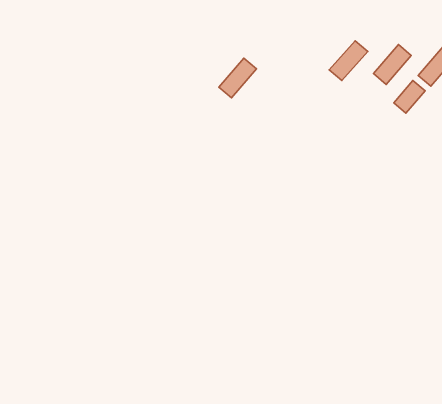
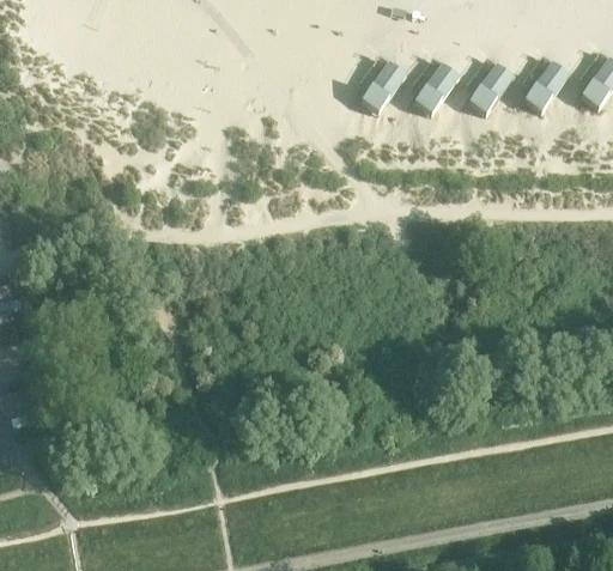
building: [219,58,256,98] -> [360,61,405,111]
building: [394,80,425,113] -> none

